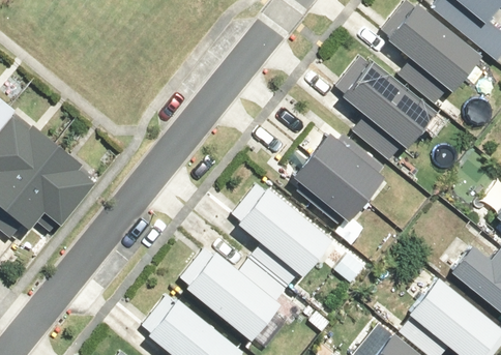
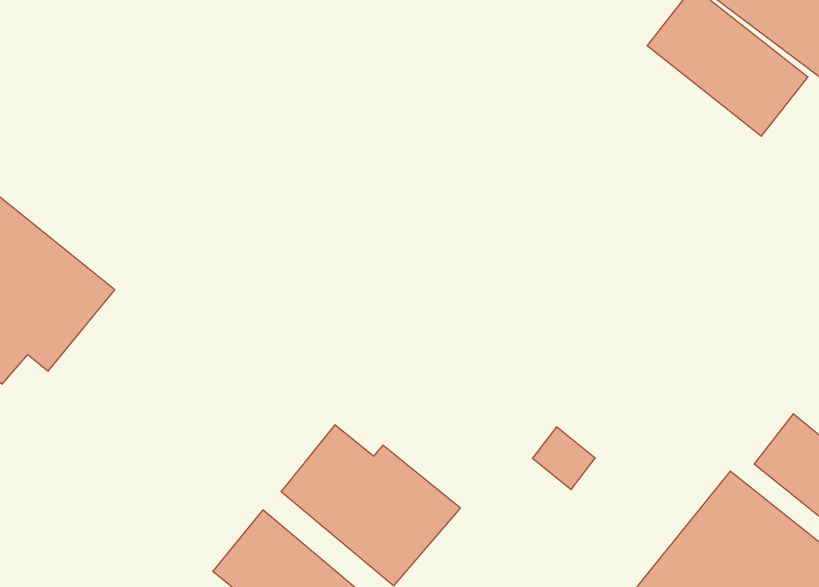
building: [343,64,435,149] -> none
building: [293,135,386,226] -> none
building: [237,182,332,277] -> none

